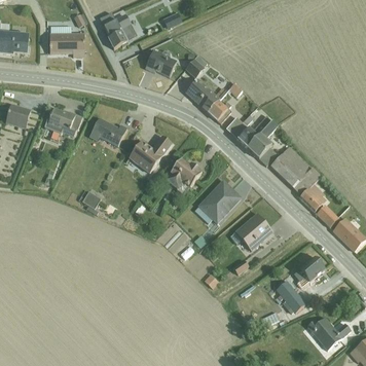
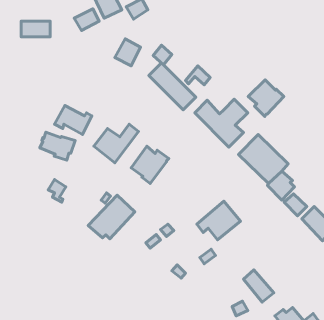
building: none -> [248,80,284,116]
building: [46,108,81,136] -> [40,132,75,160]
building: [193,180,240,223] -> [88,195,135,239]
building: [293,256,324,285] -> none

